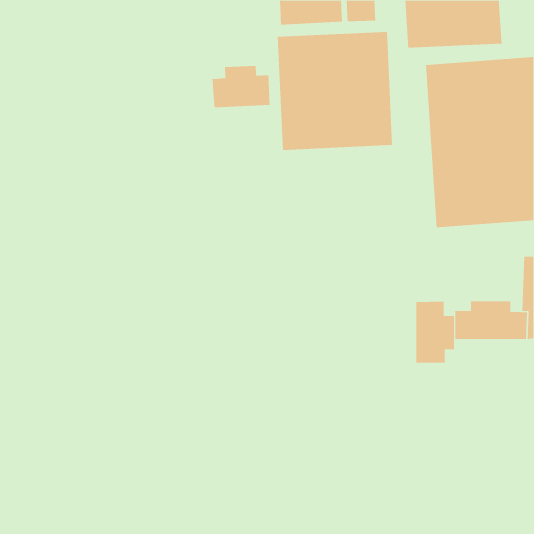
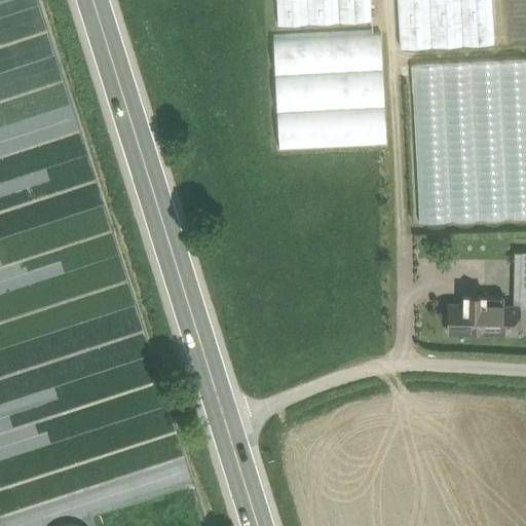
building: [212,65,270,108] -> none
building: [416,301,455,364] -> none

